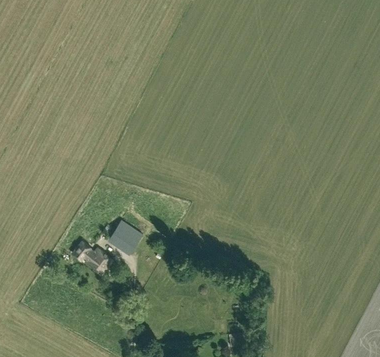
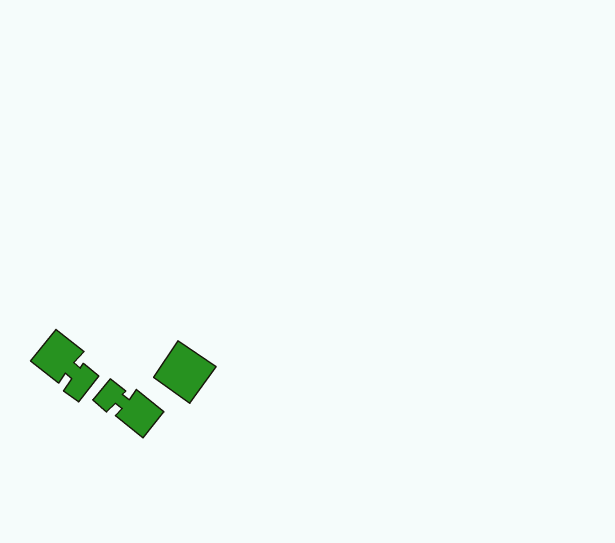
building: none -> [31,329,99,402]

